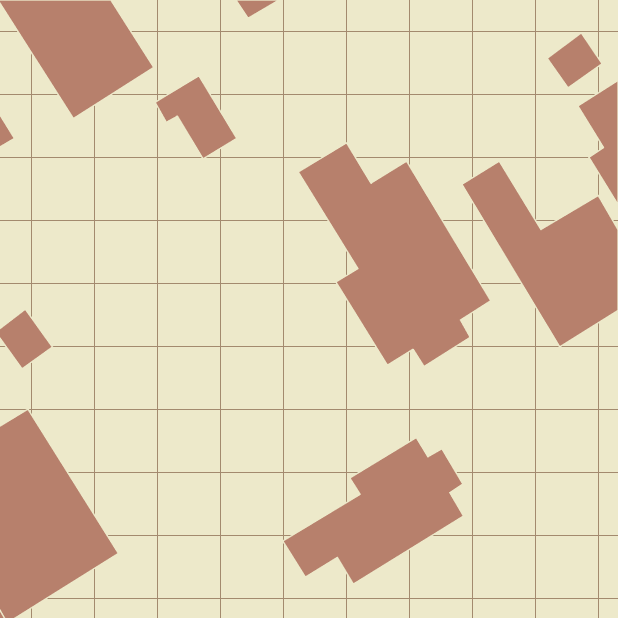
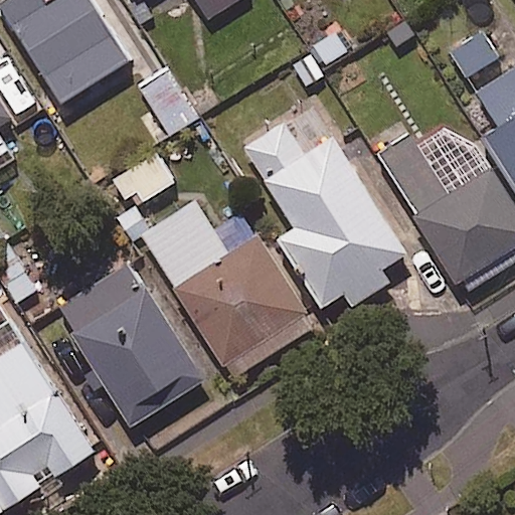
building: none -> [141,202,312,376]
building: none -> [54,256,204,425]
building: [283,437,464,584] -> none

